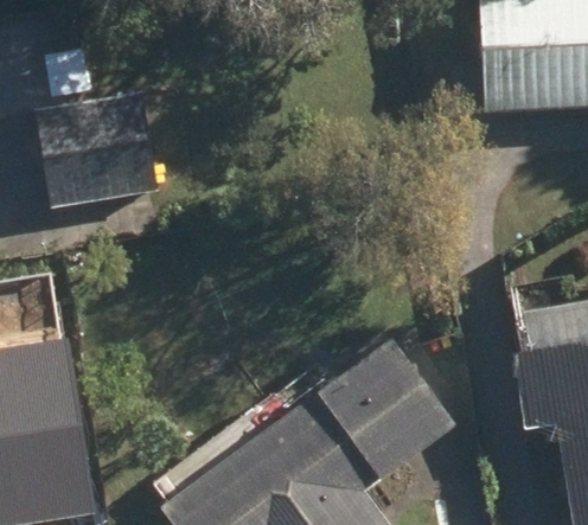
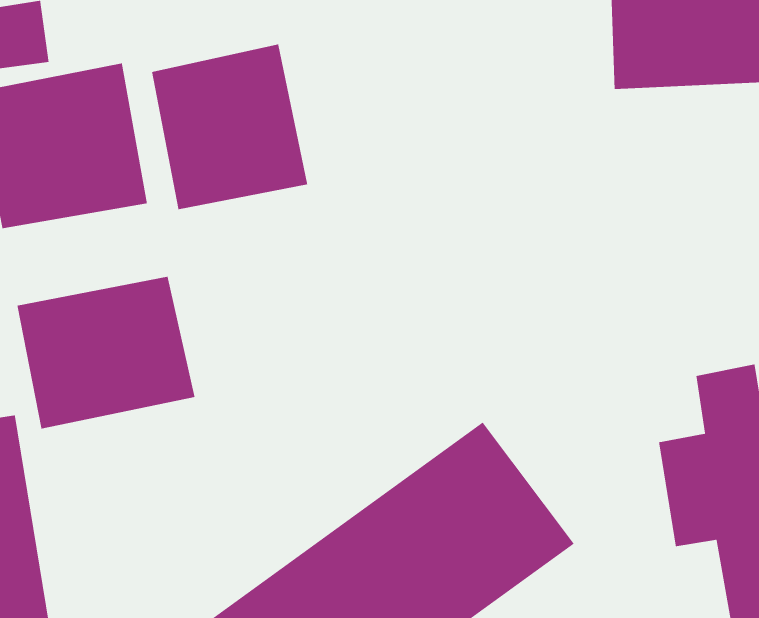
building: none -> [151,43,308,210]
building: none -> [17,276,195,429]

